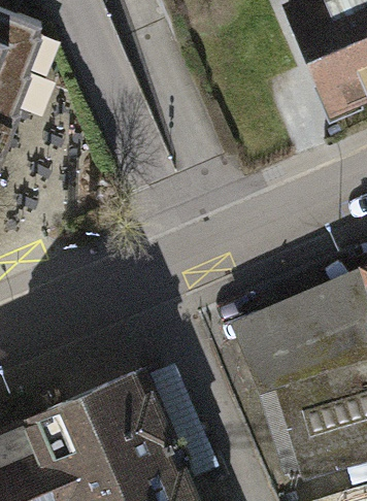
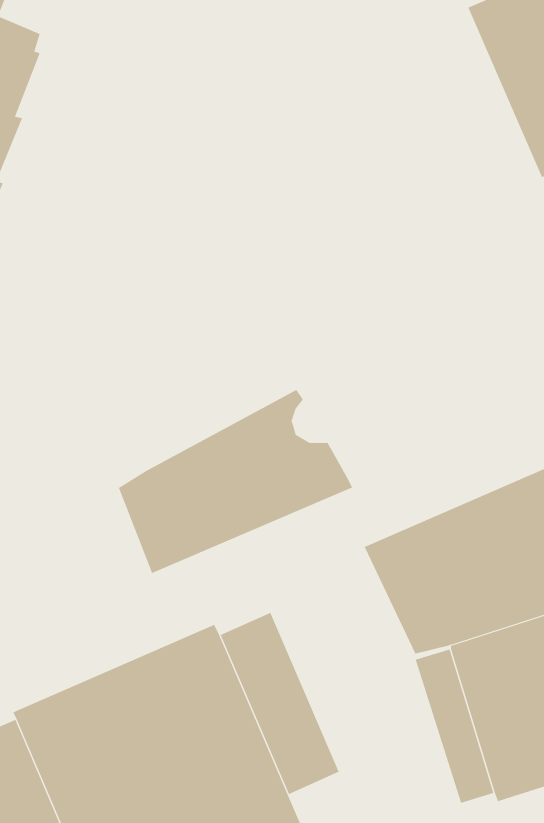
building: none -> [118,389,353,574]

